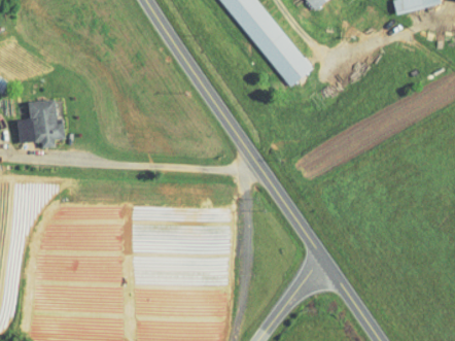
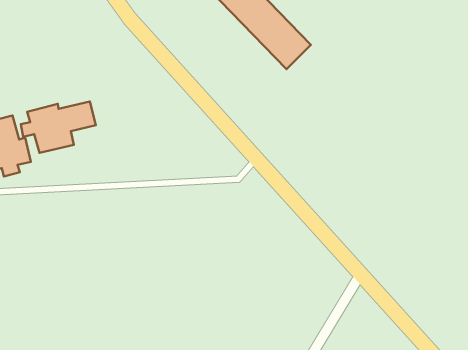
building: none -> [21,101,96,153]

